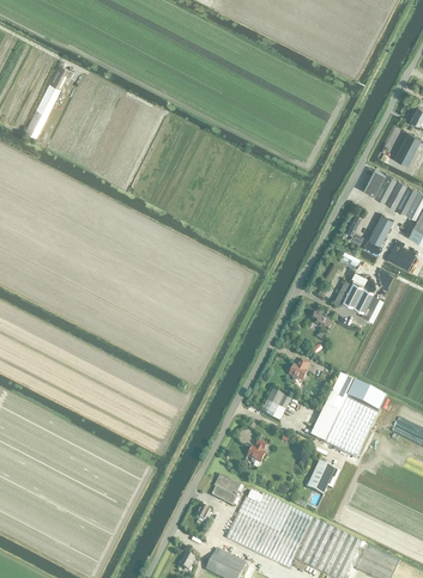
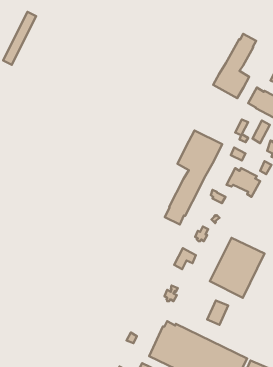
building: none -> [213,34,256,98]
building: none -> [165,130,222,225]
building: [212,475,247,506] -> none

